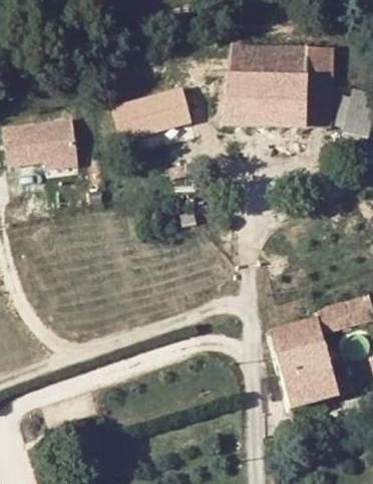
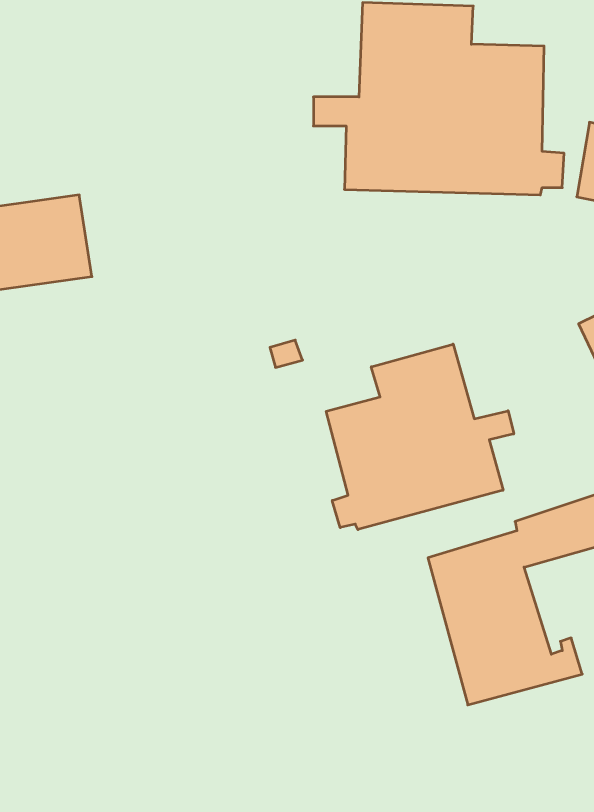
building: [113,90,191,142] -> none
building: none -> [326,344,514,530]

